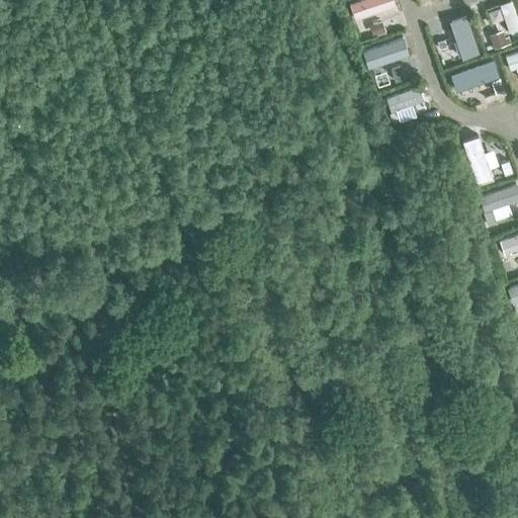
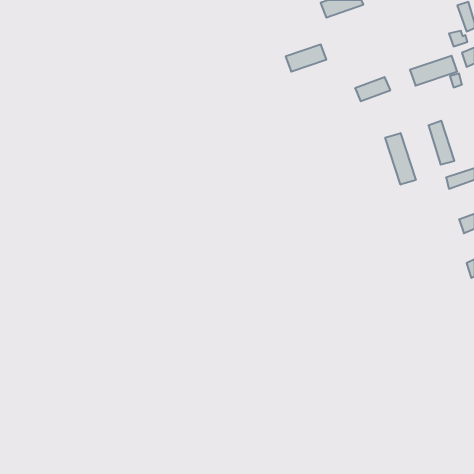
building: [448,18,479,61] -> none
building: [366,37,411,67] -> [286,45,326,72]
building: none -> [385,133,416,185]

